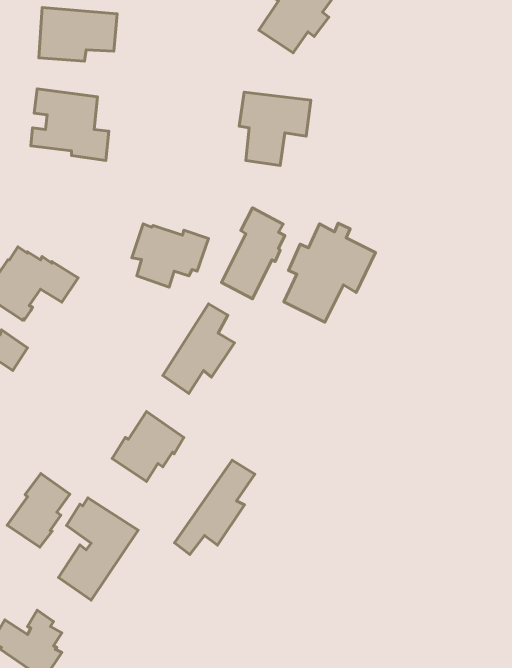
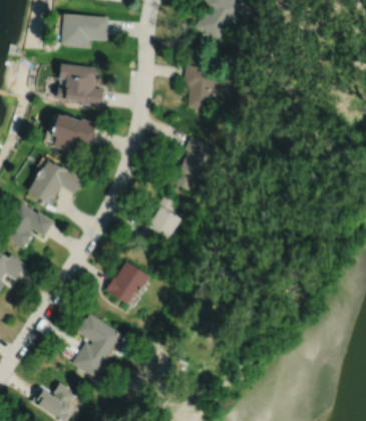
building: [284,223,375,322] -> none
building: [132,224,208,287] -> [50,114,97,153]
building: [175,460,255,555] -> none
building: [7,473,70,547] -> none

